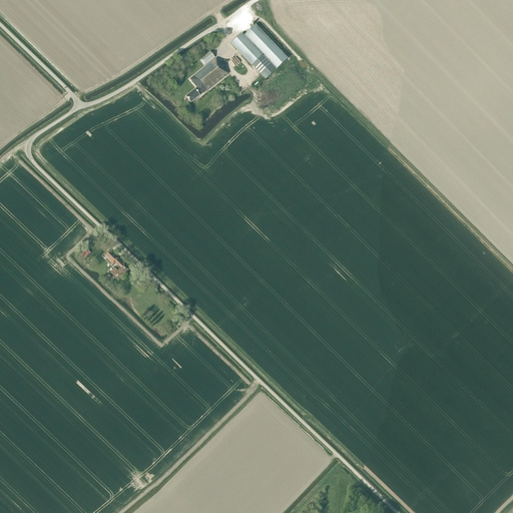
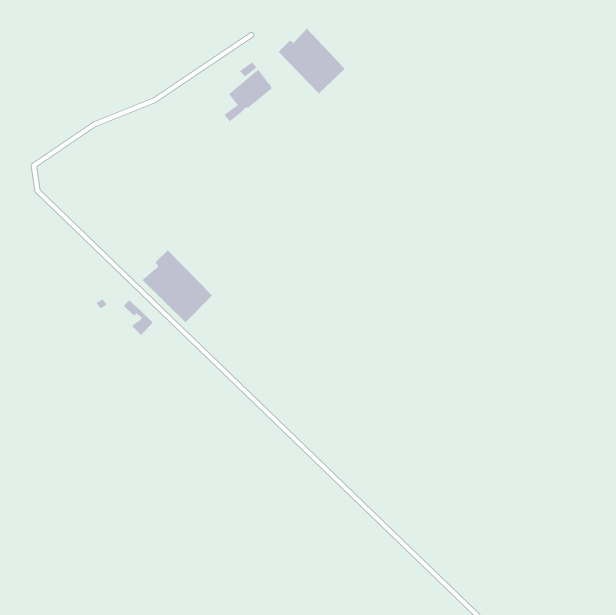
building: none -> [142,250,213,323]

